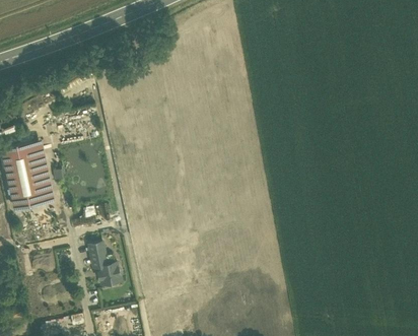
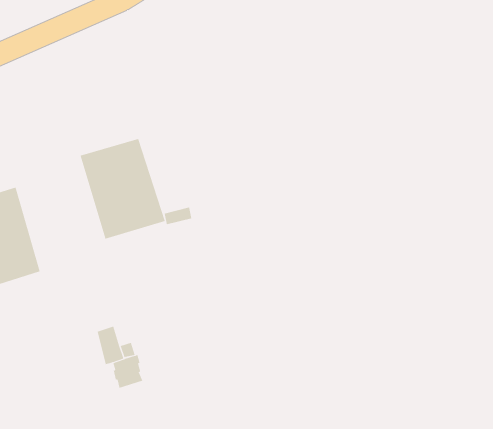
building: none -> [80,138,166,239]

